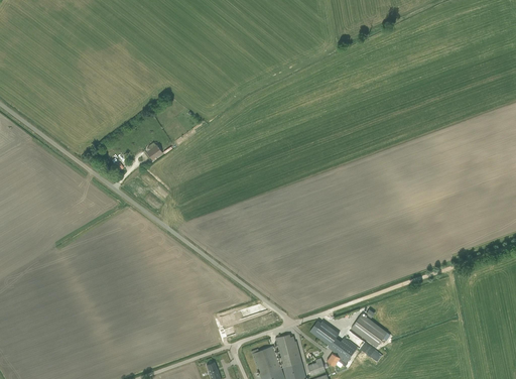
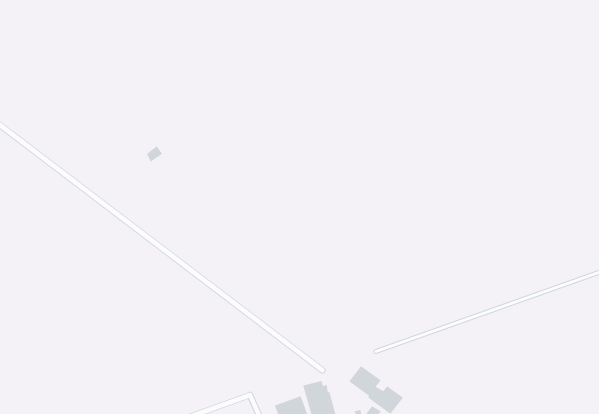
building: [349,314,386,348] -> none

